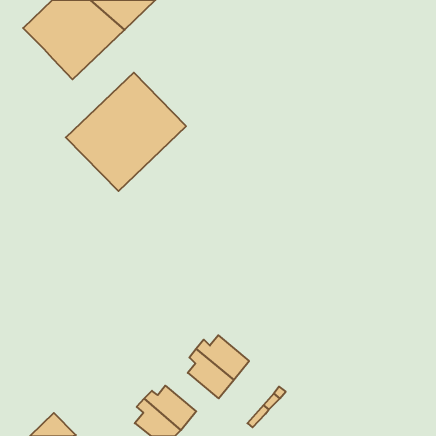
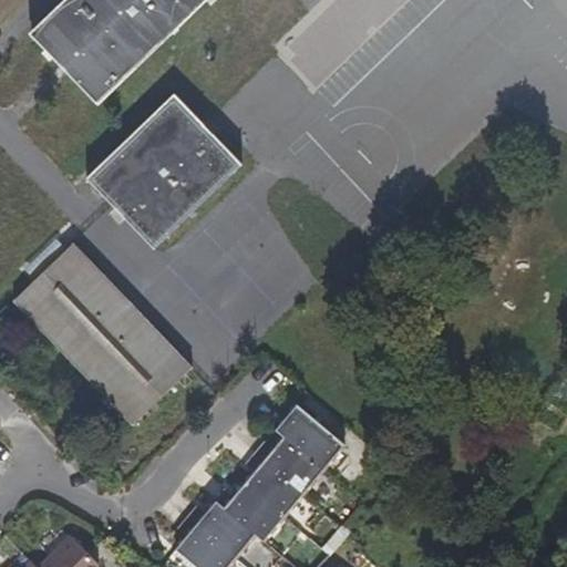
building: none -> [13,244,192,424]
building: none -> [276,404,344,468]
building: none -> [215,484,284,542]

